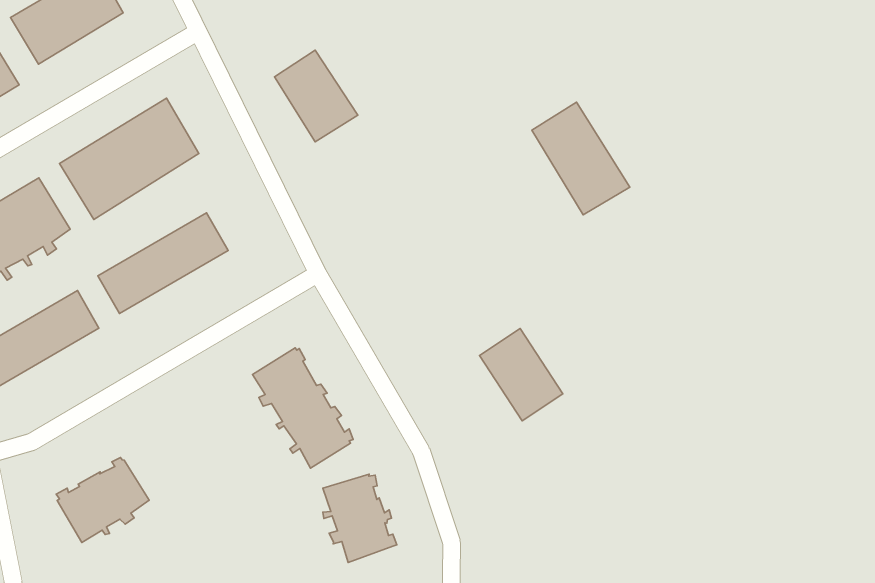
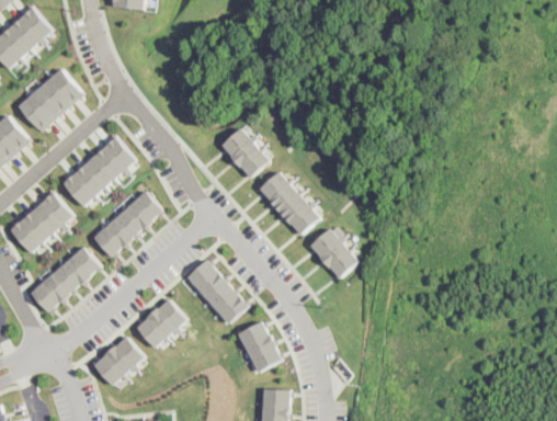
building: [274,50,358,142] -> [223,128,272,179]
building: [532,102,630,215] -> [262,175,321,237]
building: none -> [134,297,184,348]

